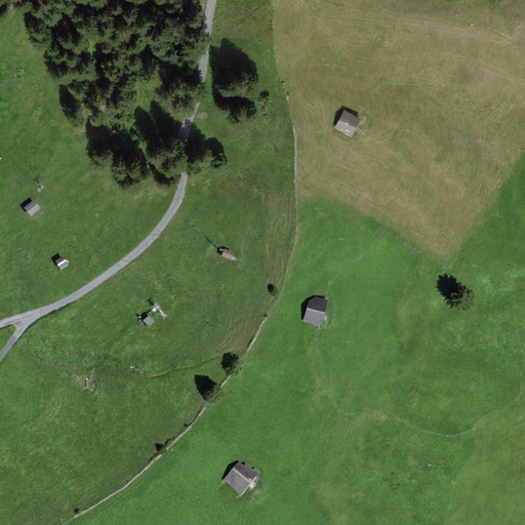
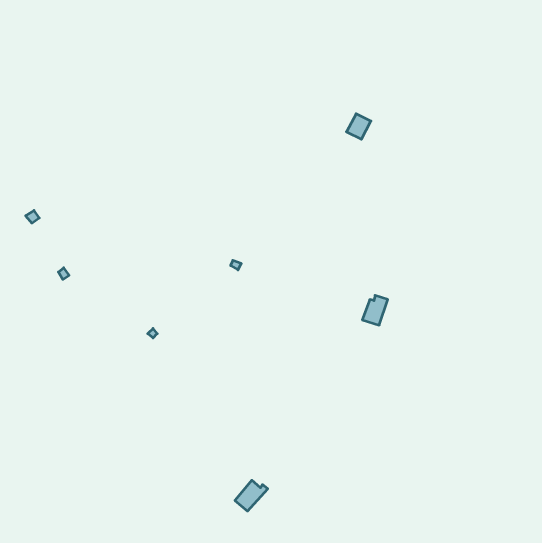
building: [302,297,327,326] -> [362,295,388,325]

